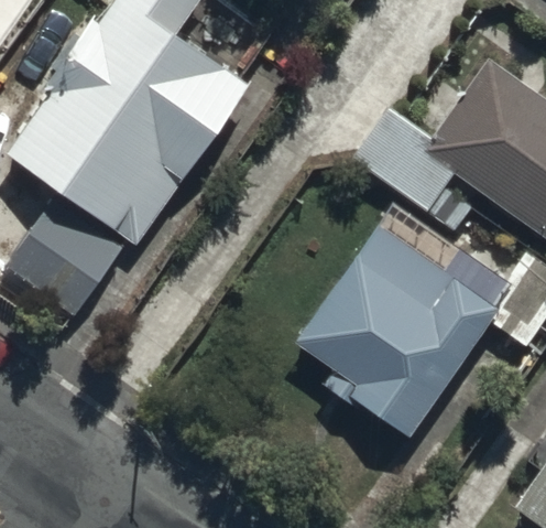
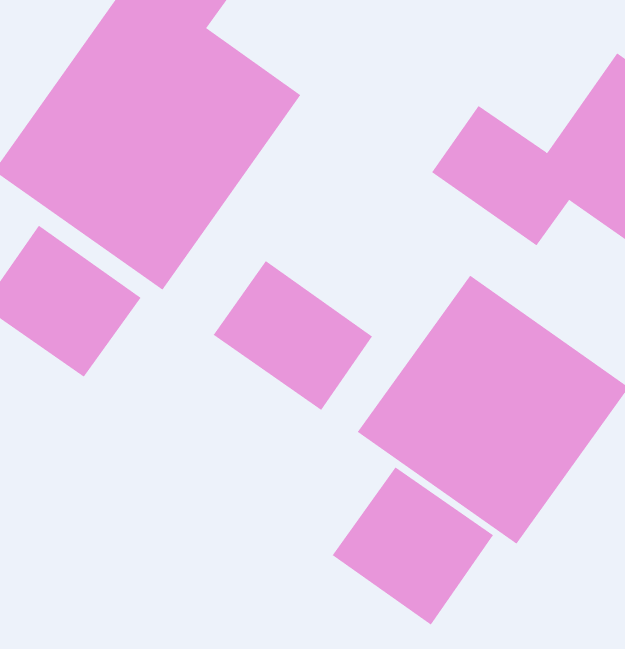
building: none -> [213,260,373,411]
building: none -> [332,467,494,625]

